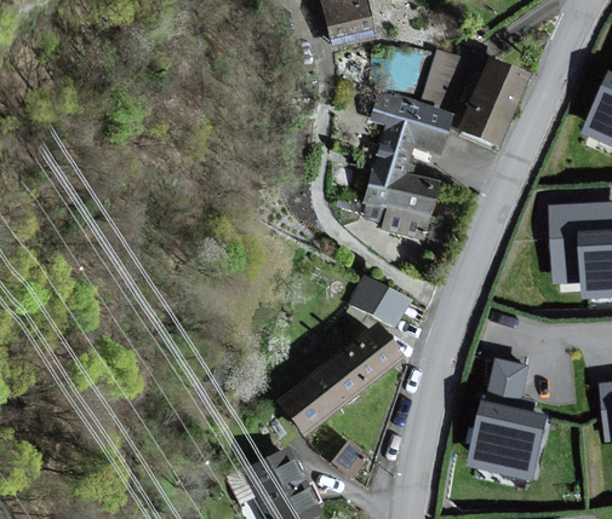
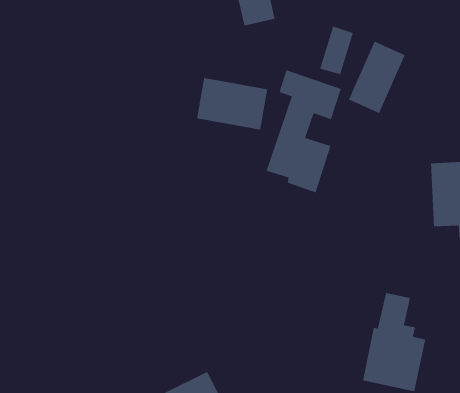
building: none -> [196,77,268,130]
building: [350,277,406,327] -> none
building: [278,328,396,433] -> none

